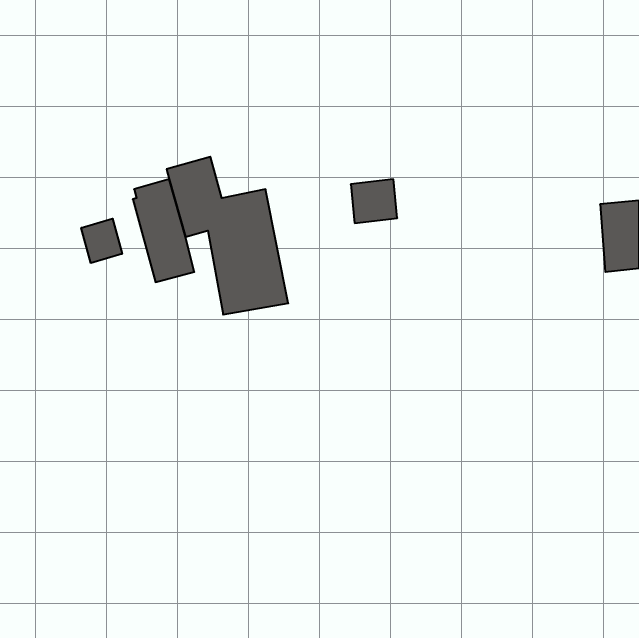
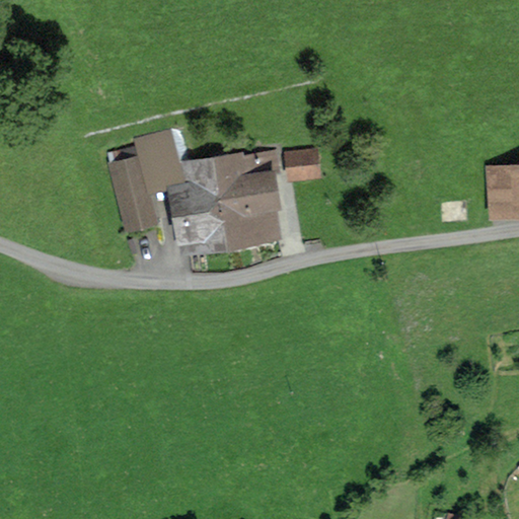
building: none -> [215,150,283,247]
building: [81,219,122,263] -> none

